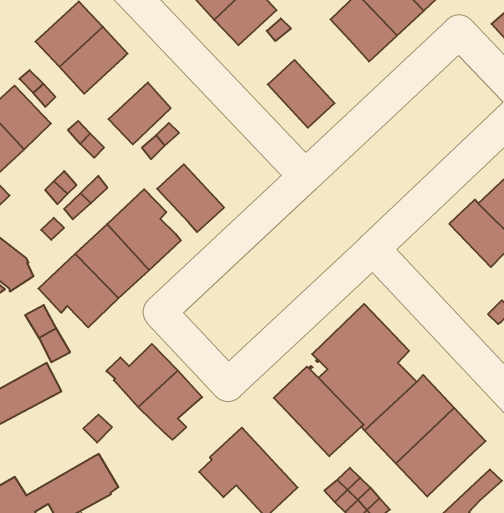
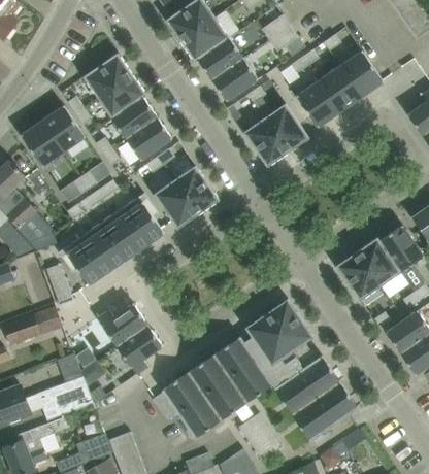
building: none -> [264,104,308,154]
building: none -> [111,98,158,140]
building: none -> [174,166,219,215]
building: none -> [335,251,381,301]
building: none -> [187,356,245,421]

